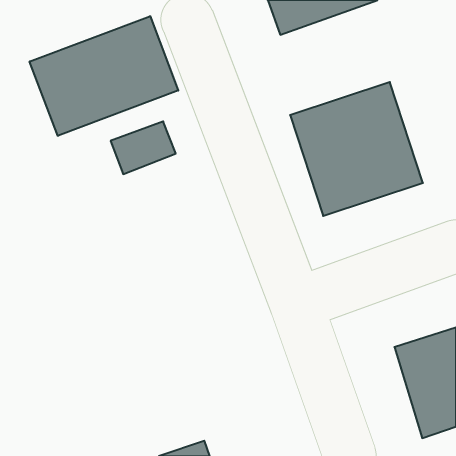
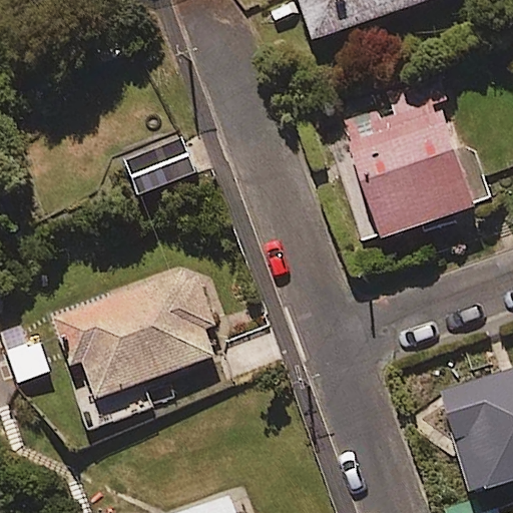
building: [30,16,178,136] -> none
building: none -> [54,265,216,399]

